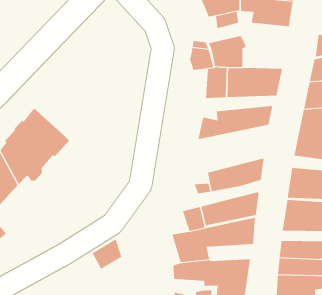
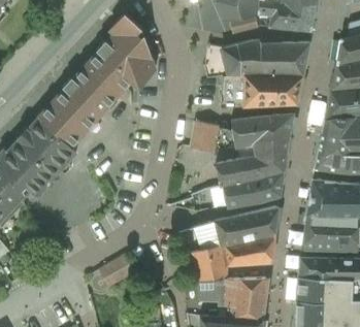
building: none -> [37,12,156,146]
building: none -> [261,42,309,75]
building: none -> [190,121,219,153]
building: none -> [218,135,289,186]

